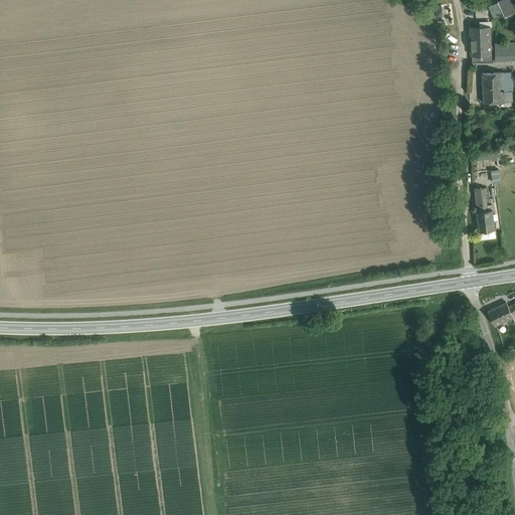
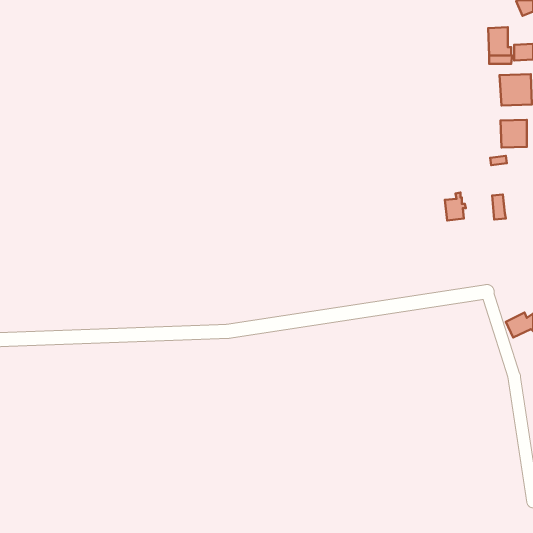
building: none -> [501,120,527,148]
building: [476,205,496,232] -> [445,192,466,221]

